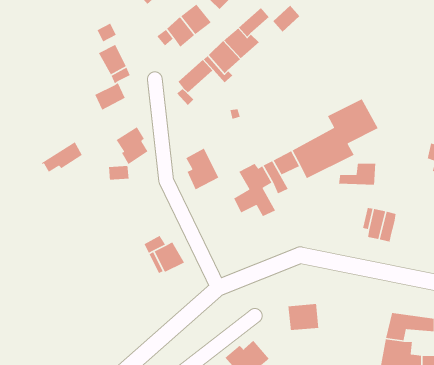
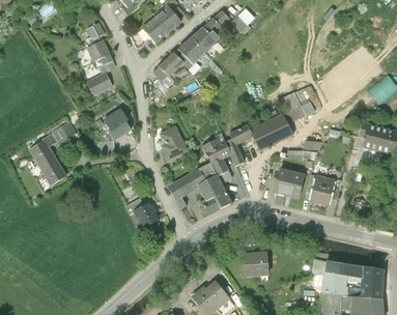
building: none -> [29,139,66,183]
building: none -> [167,167,233,214]
building: none -> [274,170,304,197]

